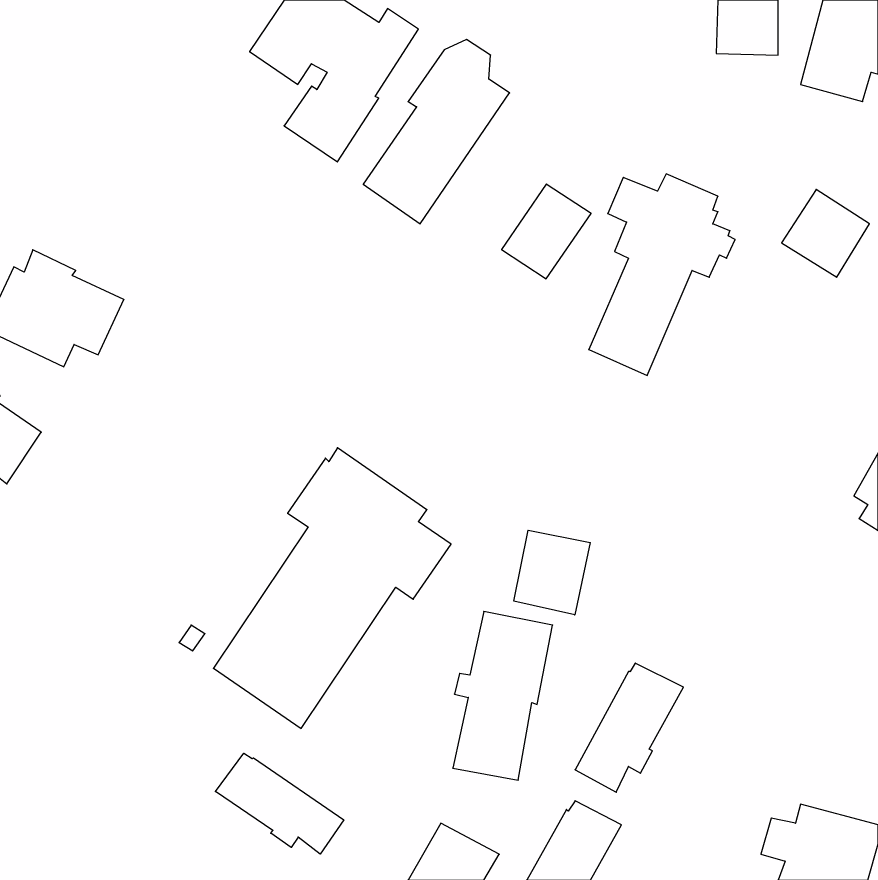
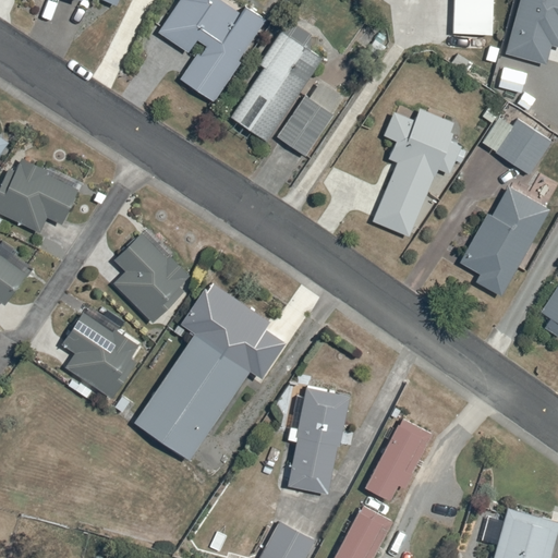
building: [502,184,591,279] -> [278,96,335,156]
building: none -> [460,186,549,296]
building: none -> [113,233,190,322]
building: none -> [62,314,140,398]
building: [514,530,590,615] -> none
building: [215,753,344,854] -> none

